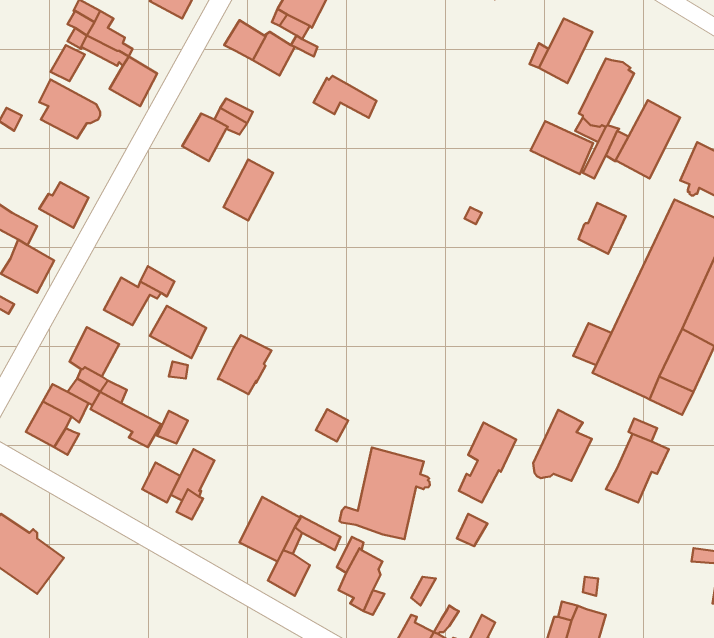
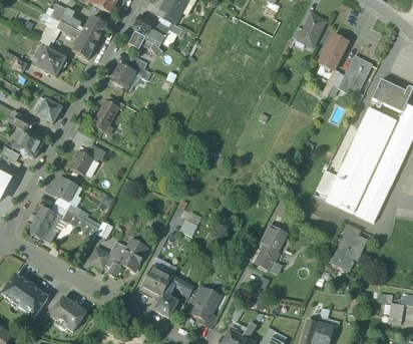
building: none -> [82,15,107,41]
building: [314,76,377,118] -> [128,29,161,51]
building: [531,121,593,174] -> none
building: [223,159,273,220] -> [92,98,118,130]
building: [579,203,626,254] -> none
building: [150,306,206,358] -> none
building: [218,335,271,394] -> [119,238,147,269]
building: [533,410,592,481] -> none
building: [340,447,430,539] -> none
building: none -> [50,295,86,330]

